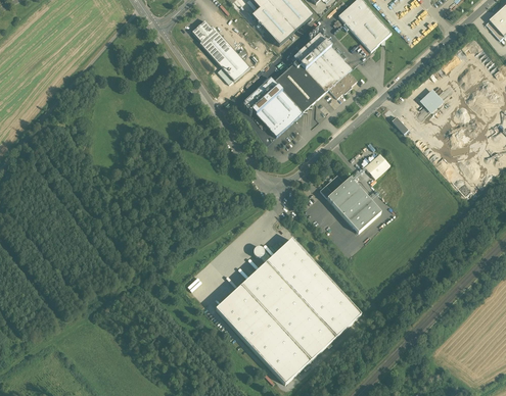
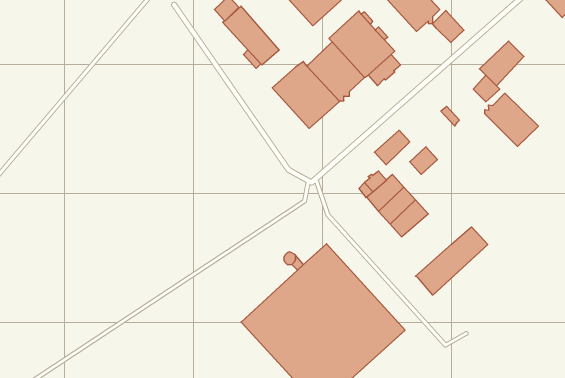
building: none -> [433,10,464,43]
building: none -> [479,41,524,86]
building: none -> [485,93,538,146]
building: none -> [374,130,410,165]
building: none -> [415,227,488,295]

